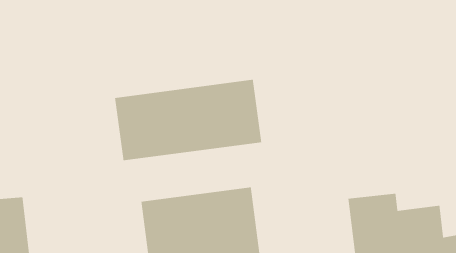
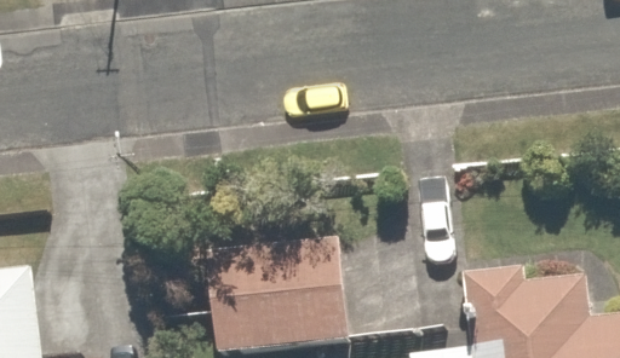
building: [114,79,262,161] -> none

